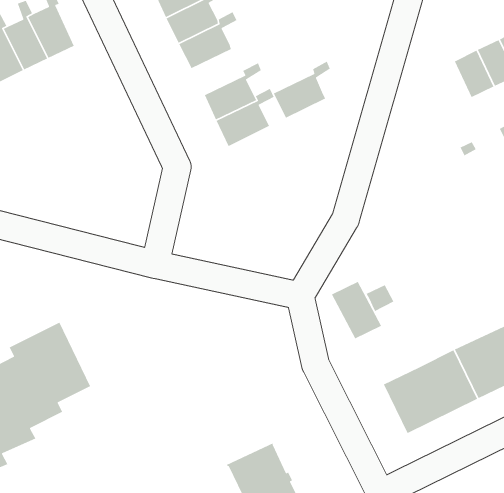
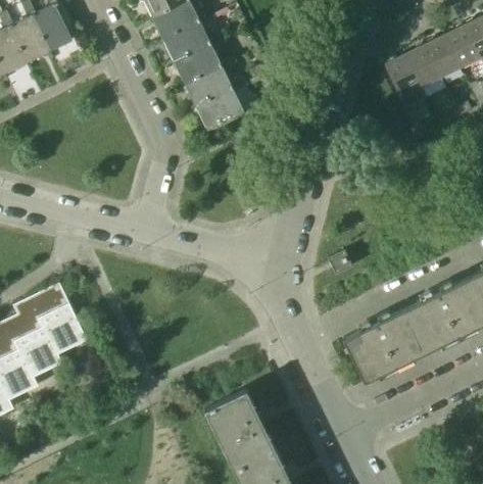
building: [273,61,331,119] -> [174,34,225,85]
building: none -> [384,55,425,108]
building: [331,281,382,340] -> none

